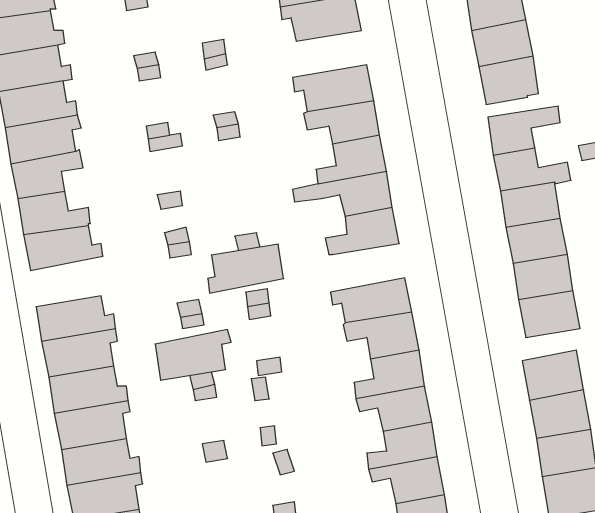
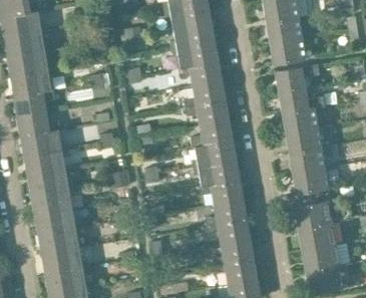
building: none -> [170,23,213,49]
building: [208,244,284,293] -> [192,141,234,169]
building: [155,330,231,380] -> [26,148,68,177]

